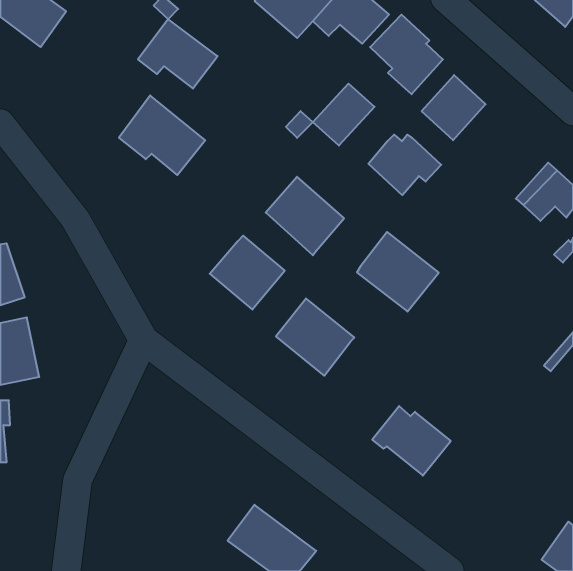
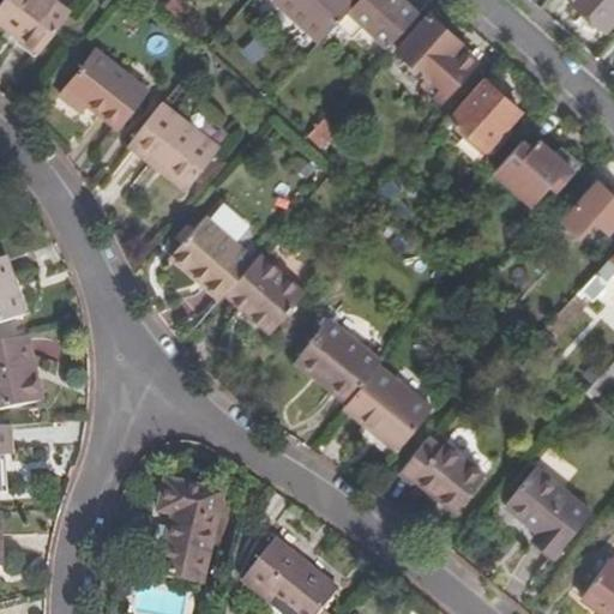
building: [138,19,218,89] -> [60,52,145,126]
building: [313,84,375,146] -> none
building: [368,135,441,195] -> [494,139,572,204]
building: [266,177,344,255] -> [170,213,254,297]
building: [357,232,439,312] -> [343,365,431,450]
building: none -> [506,465,592,554]
building: none -> [159,480,224,582]

